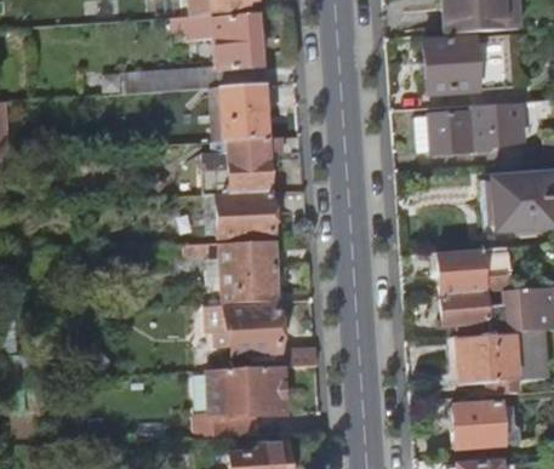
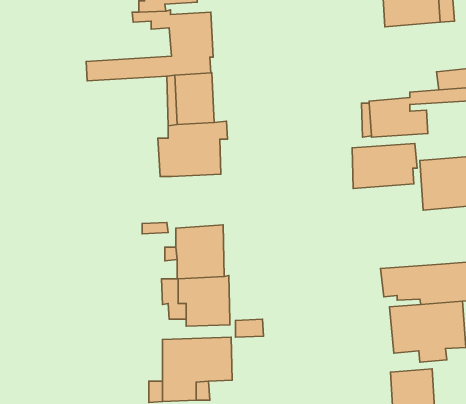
building: [426,35,481,93] -> none
building: [218,191,273,236] -> none
building: [442,245,513,293] -> [352,143,417,188]

